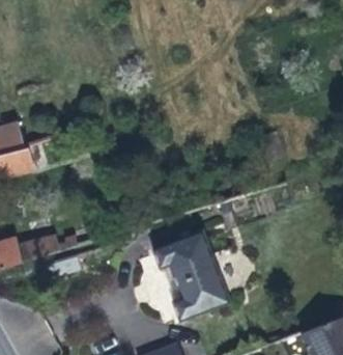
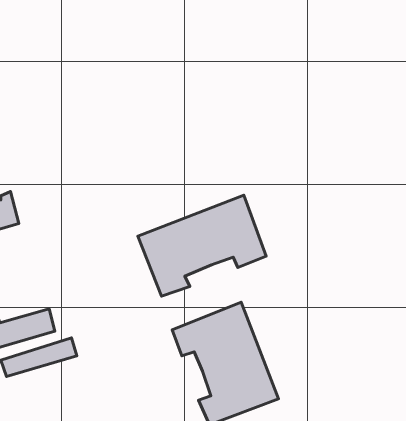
building: none -> [138,195,266,296]

